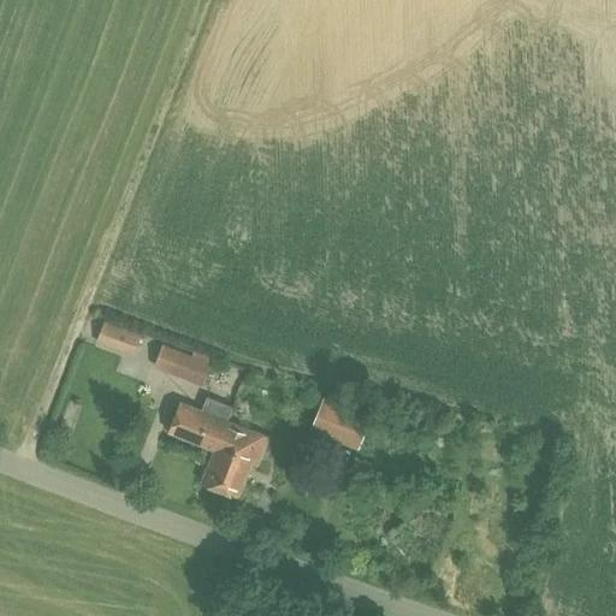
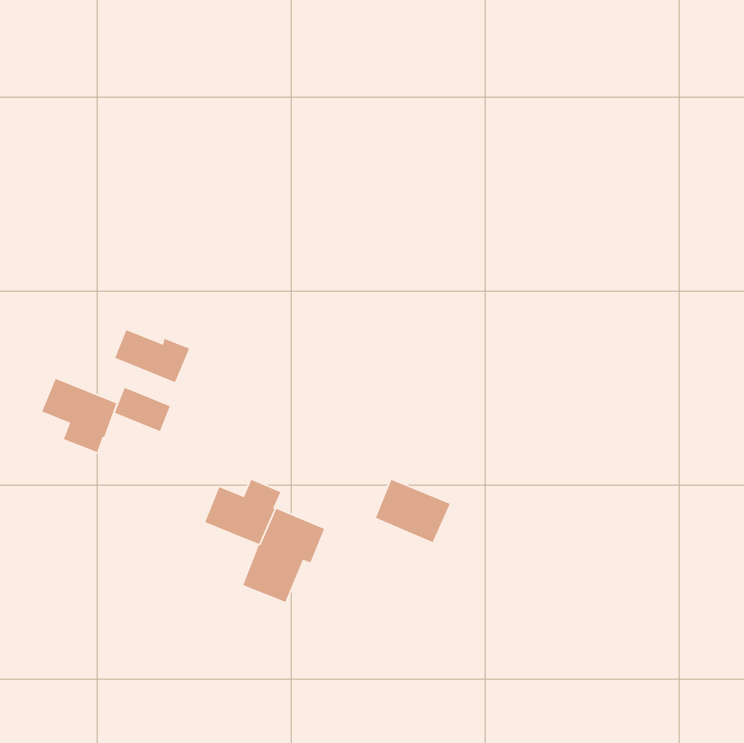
building: none -> [41,378,117,453]
building: [152,343,214,387] -> [114,329,190,383]

